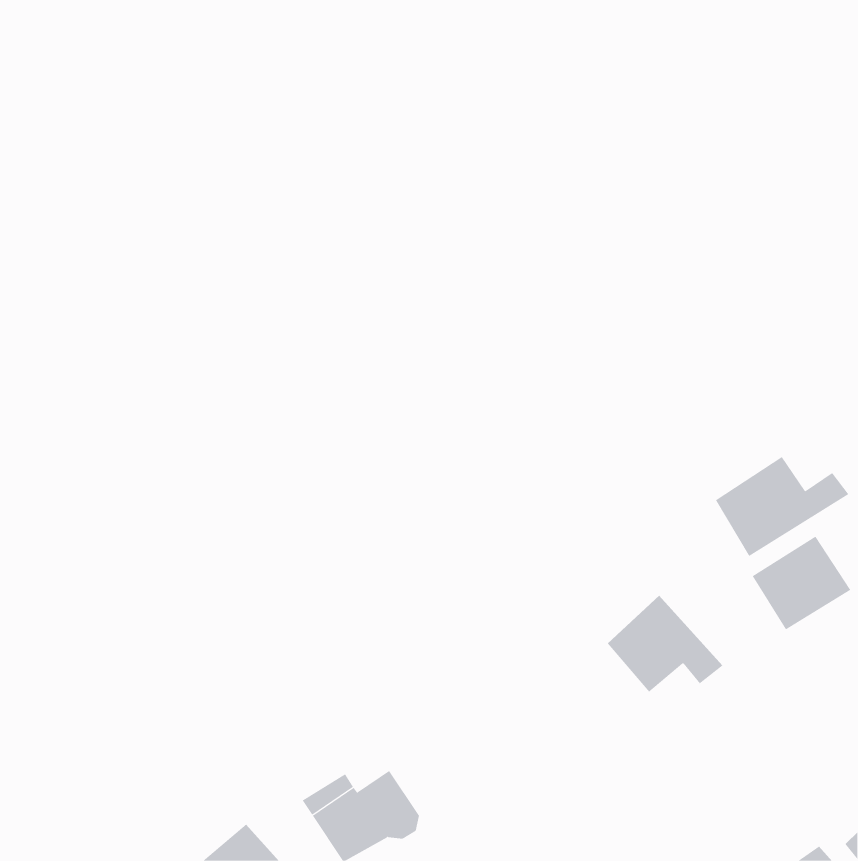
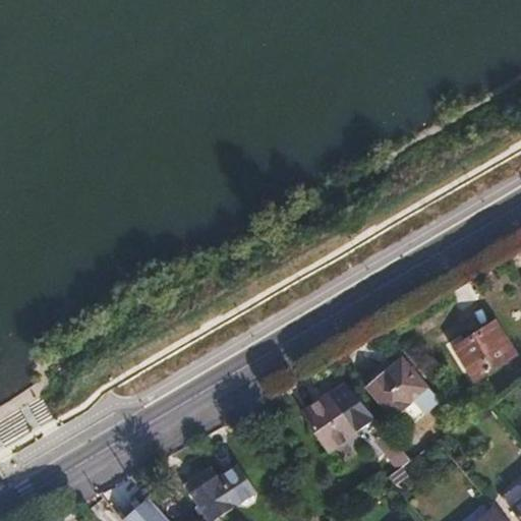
building: [715,456,849,557] -> none
building: none -> [303,385,409,470]

